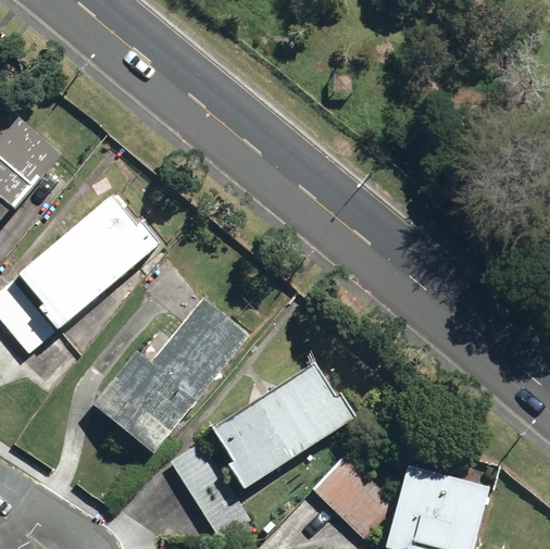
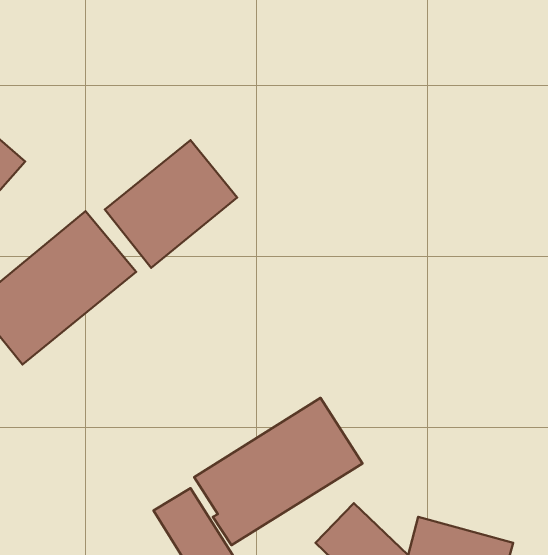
building: none -> [105,140,237,268]
building: [91,296,252,457] -> none

